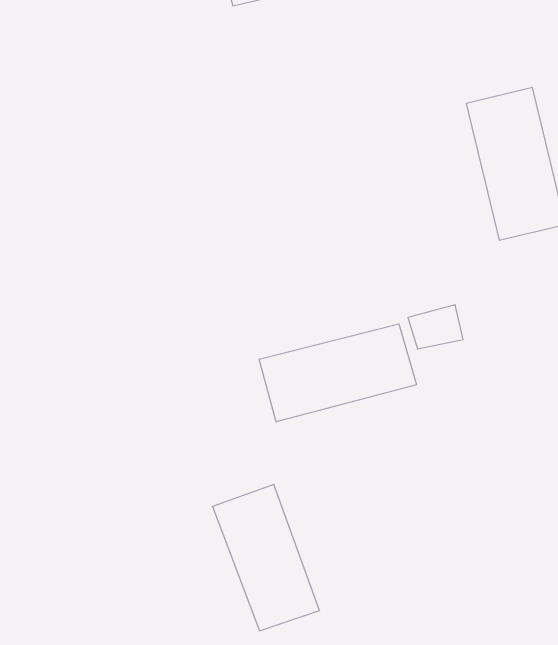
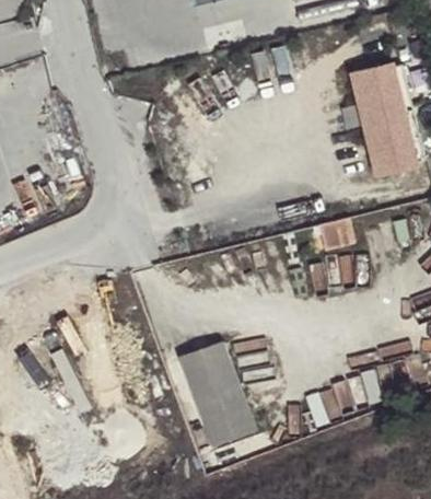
building: [259,324,416,422] -> none

